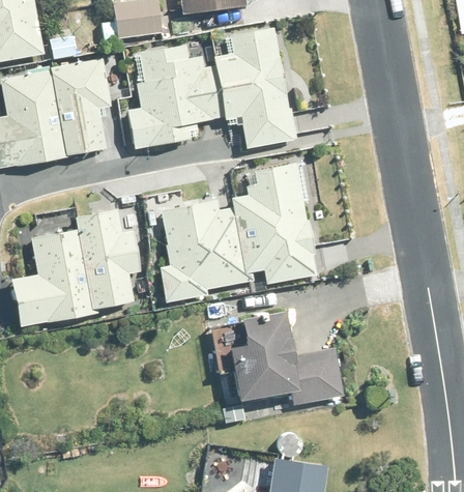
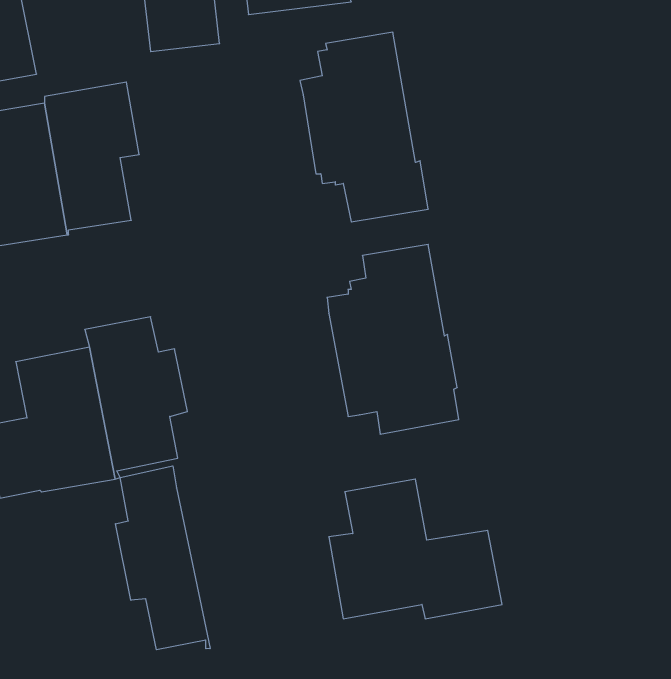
building: [128,44,225,147] -> none
building: [158,199,254,302] -> none
building: none -> [115,466,210,650]

